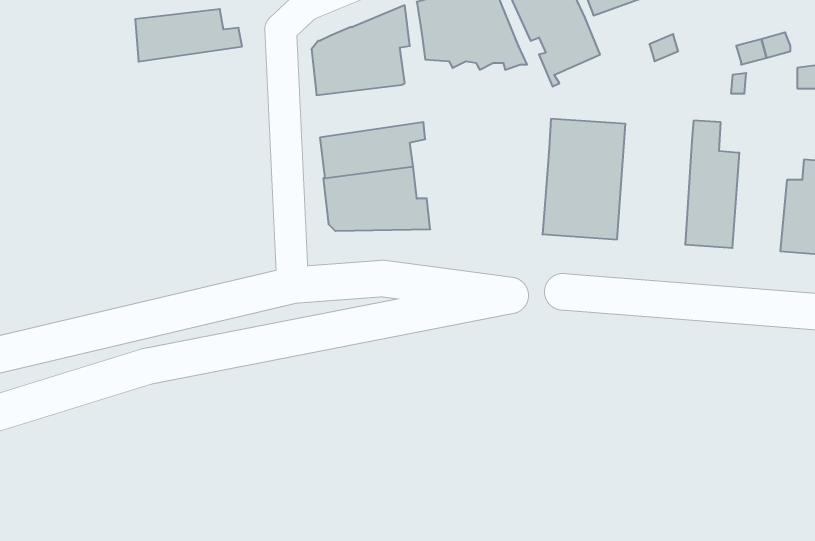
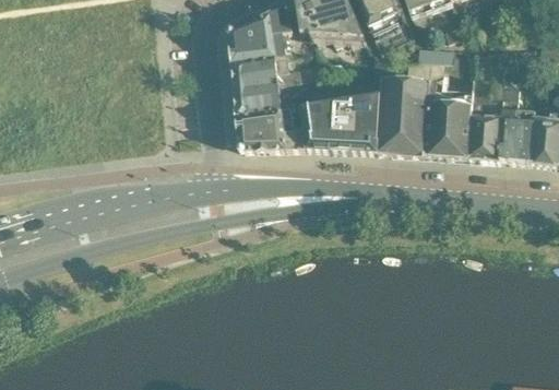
building: [135,9,242,62] -> [231,57,300,91]
building: none -> [425,82,473,159]
building: none -> [499,86,535,164]
building: none -> [302,97,381,153]

